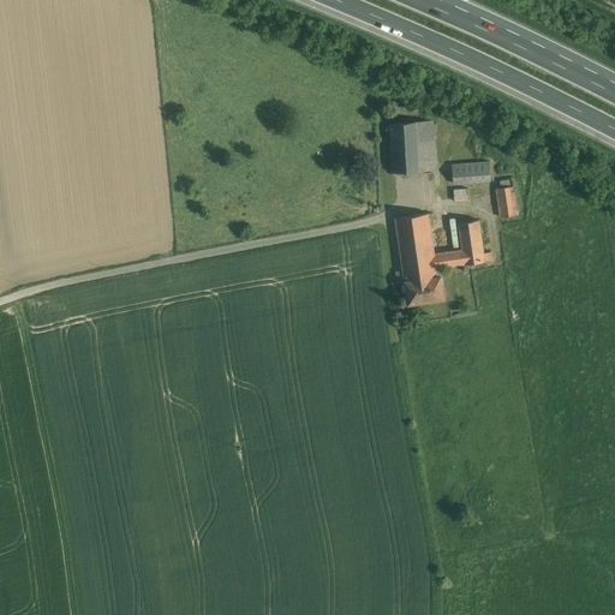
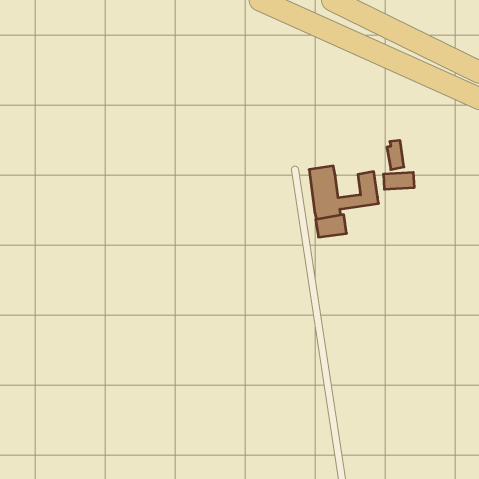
building: [388,121,434,173] -> none
building: [450,162,490,184] -> [383,172,414,189]

